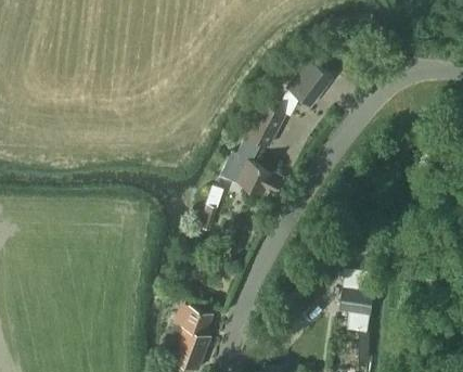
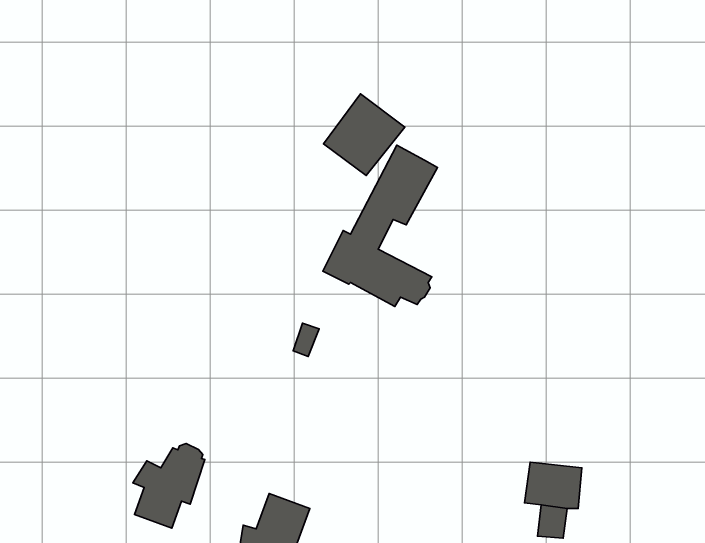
building: [286,60,334,107] -> [324,94,405,175]
building: none -> [133,444,205,528]

